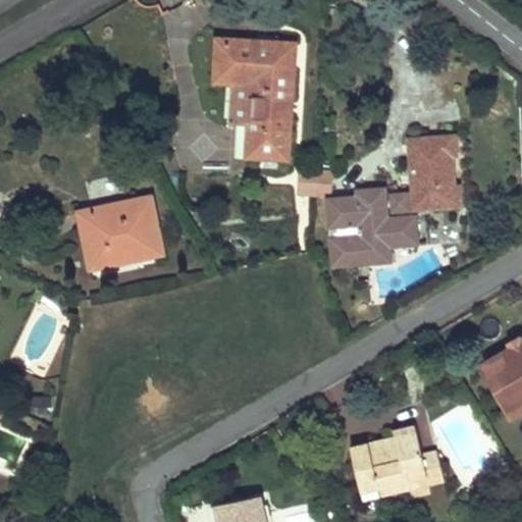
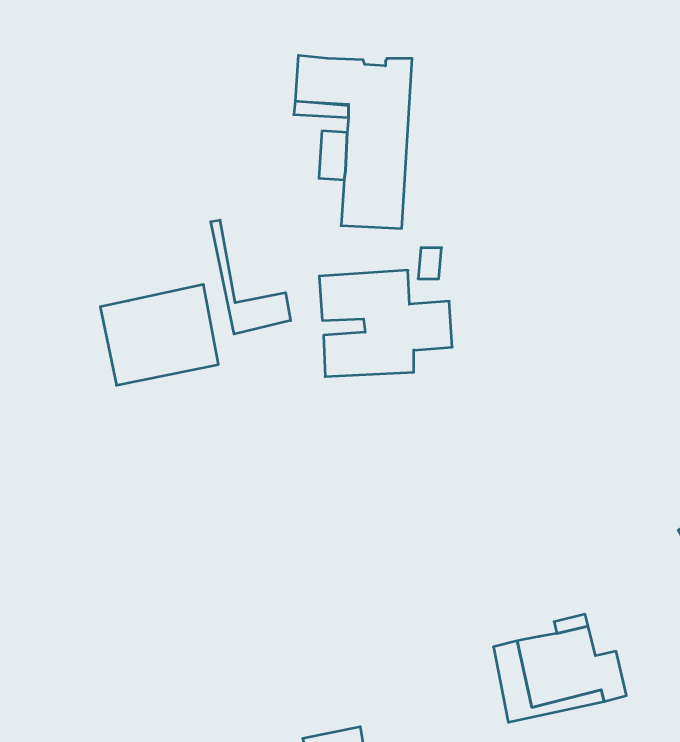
building: [410,136,458,208] -> none
building: none -> [211,220,291,334]
building: [327,194,419,267] -> [319,270,452,377]

